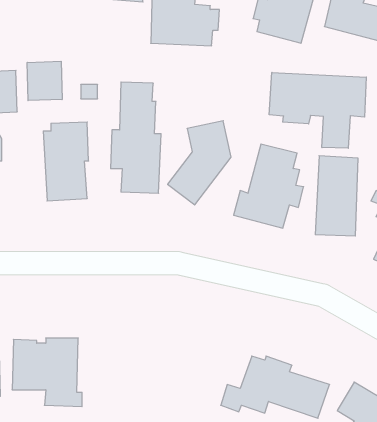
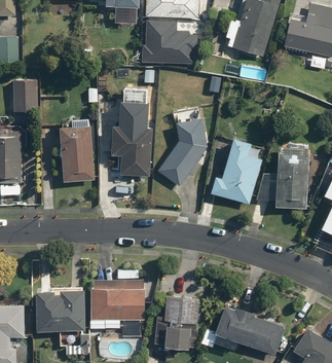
building: [27,61,62,101] -> none
building: [269,72,366,148] -> none
building: none -> [89,279,145,337]
building: none -> [155,295,199,350]

